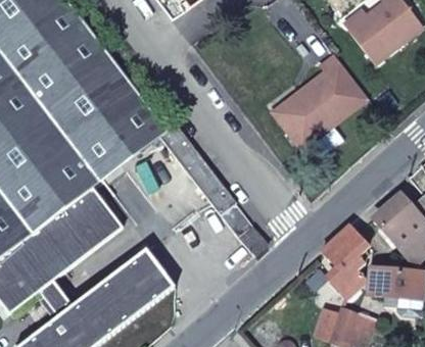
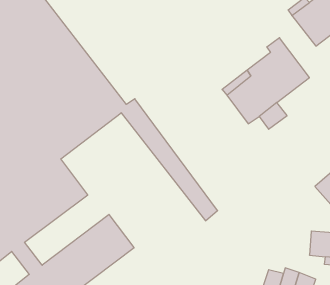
building: [320,224,367,298] -> none

